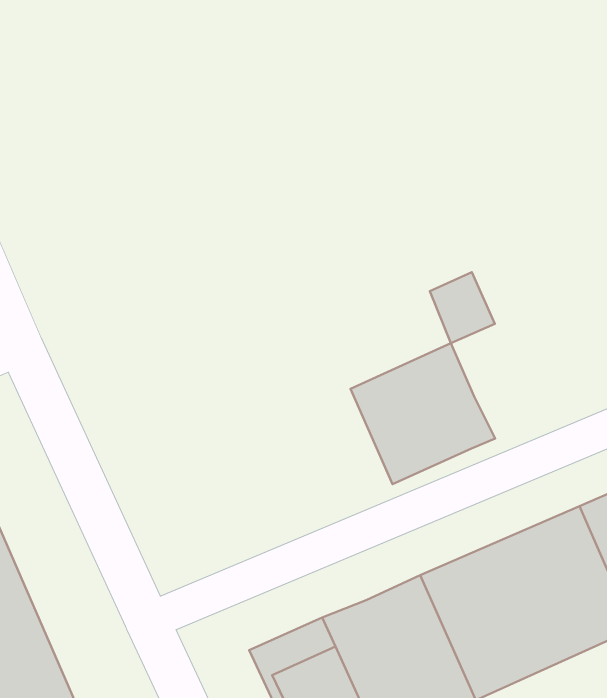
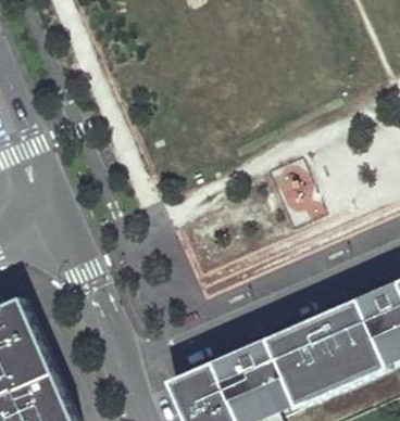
building: [350,343,495,484] -> none

